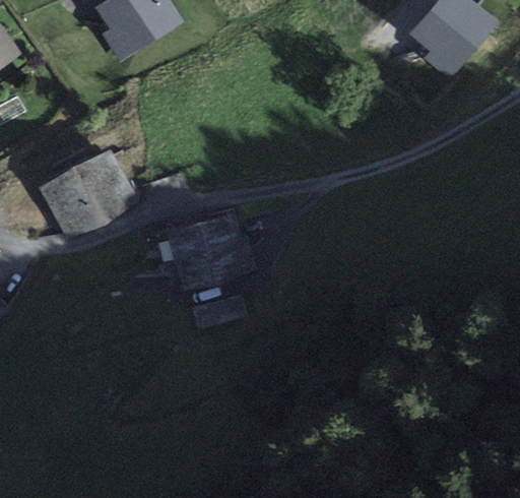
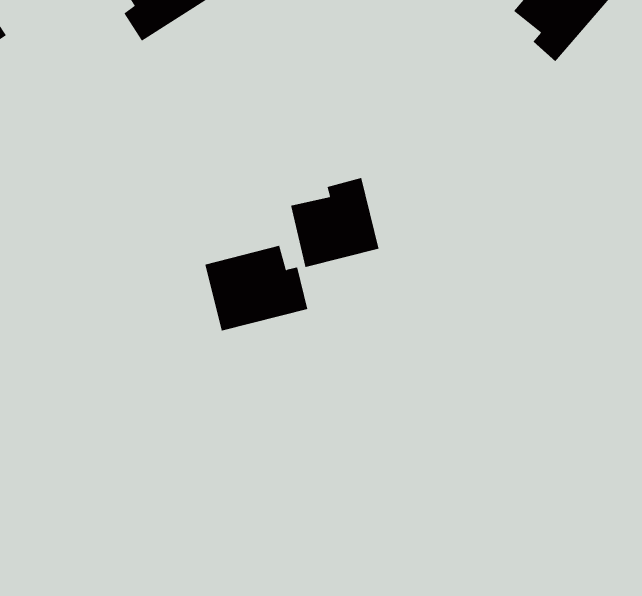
building: [45,152,138,236] -> none
building: none -> [290,177,379,268]

